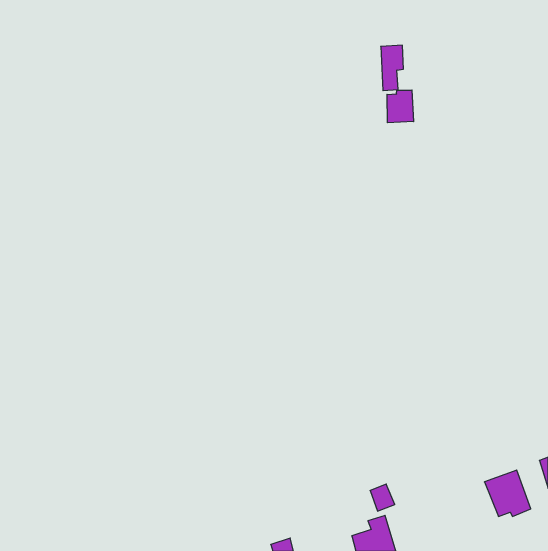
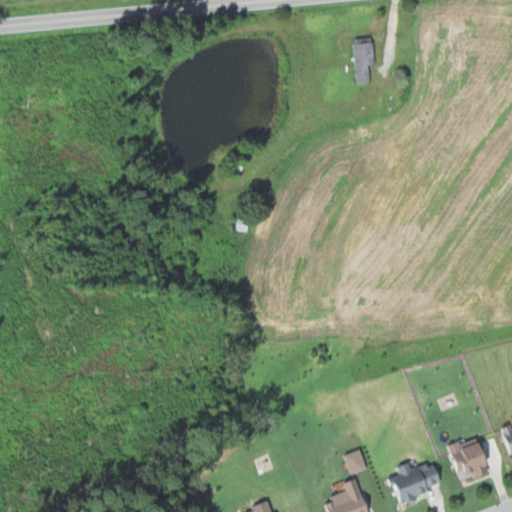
building: [387,90,414,123] -> none
building: none -> [391,462,441,505]

